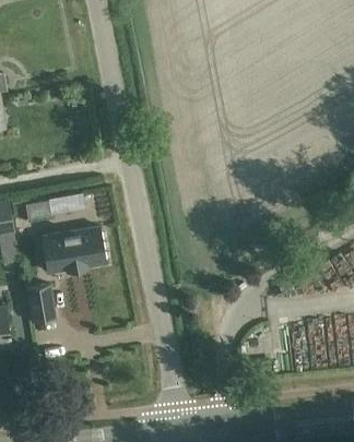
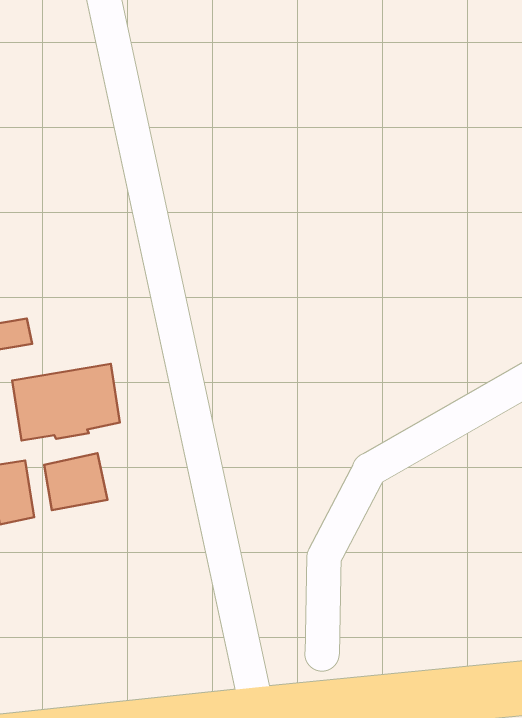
building: none -> [44,453,107,510]

